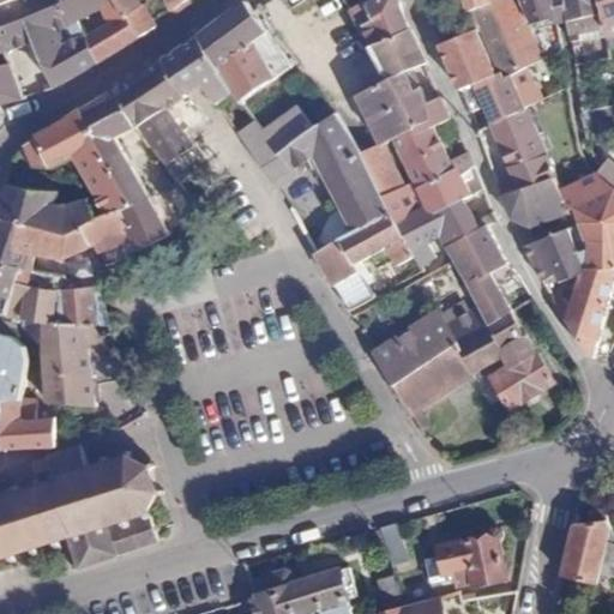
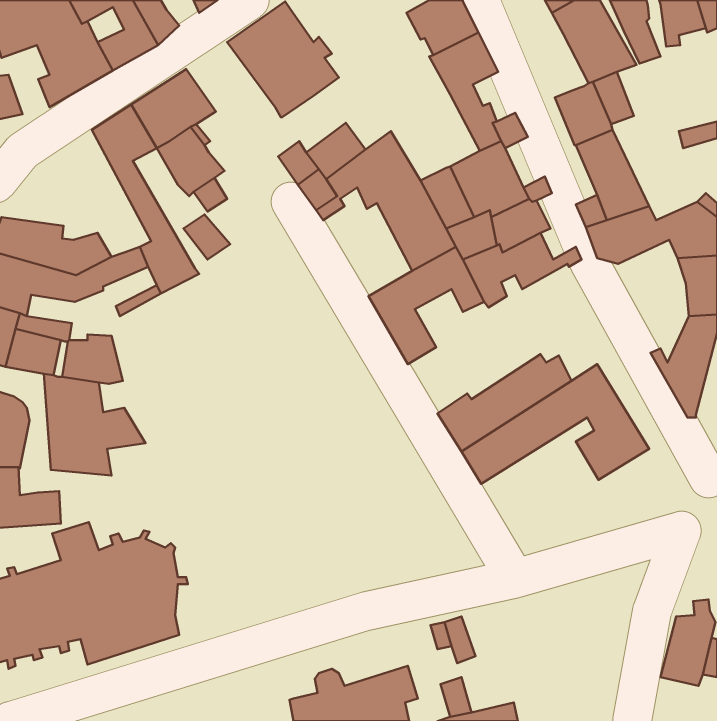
building: [437,30,493,89] -> none
building: [158,36,234,104] -> none
building: [355,80,408,143] -> none
building: [20,110,128,215] -> none
building: [444,224,510,324] -> none
building: [522,228,585,281] -> none
building: [434,526,504,586] -> none

